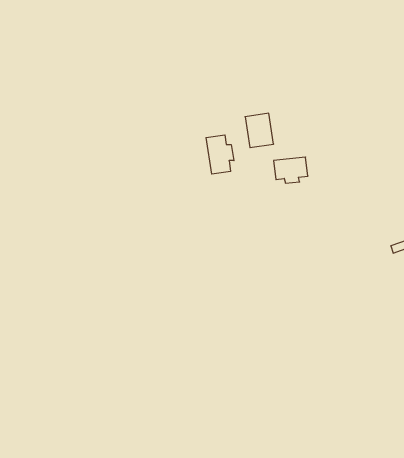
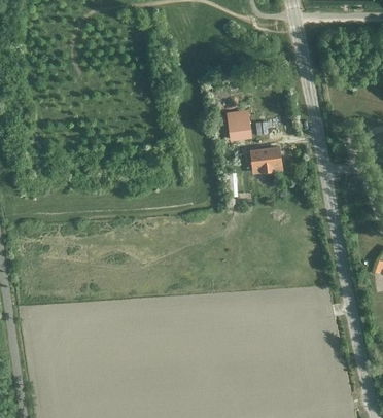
building: [206,135,234,174] -> none

